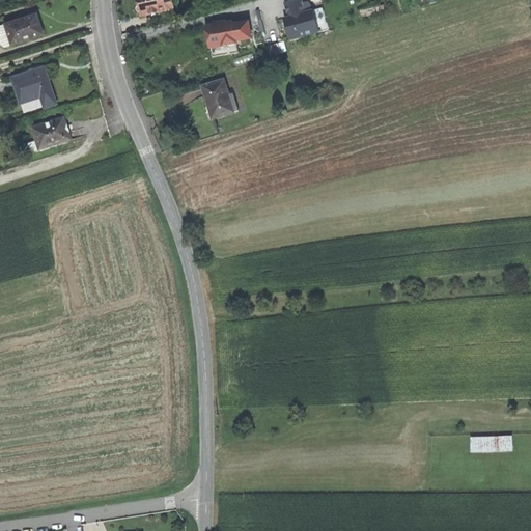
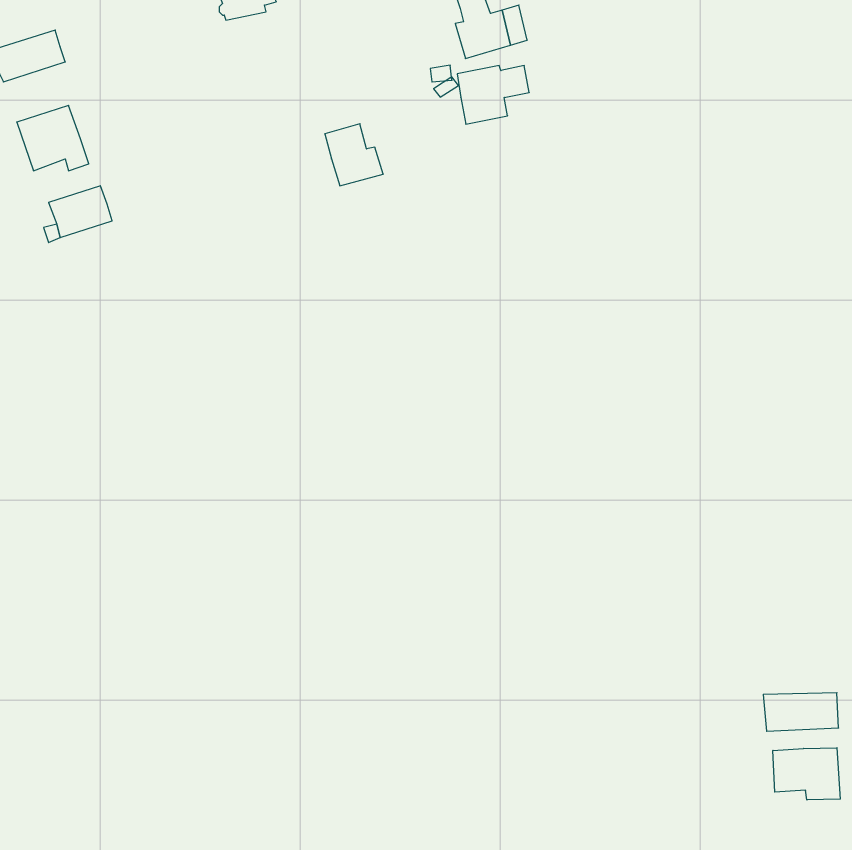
building: [205,18,250,54] -> [457,66,529,124]
building: none -> [773,748,840,800]

